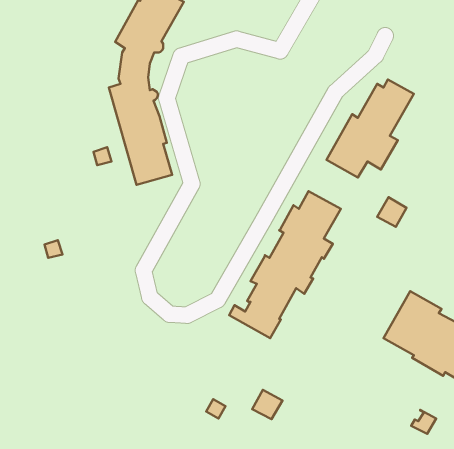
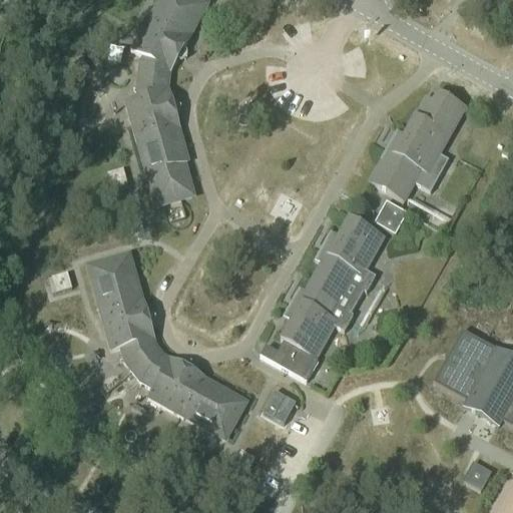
building: [377,197,407,227] -> [374,198,407,231]
building: none -> [89,252,245,436]
building: [252,390,282,419] -> [263,388,297,421]

